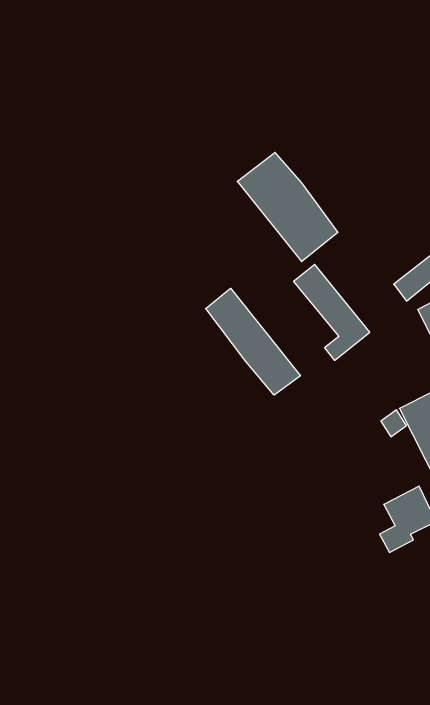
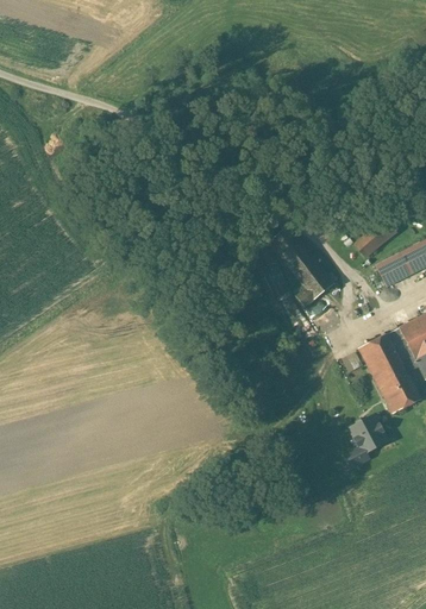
building: [237,152,338,262] -> none
building: [206,288,300,395] -> none

